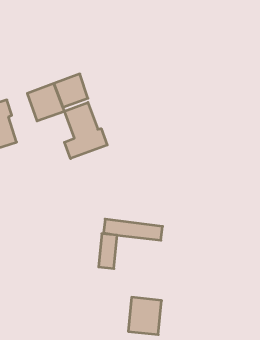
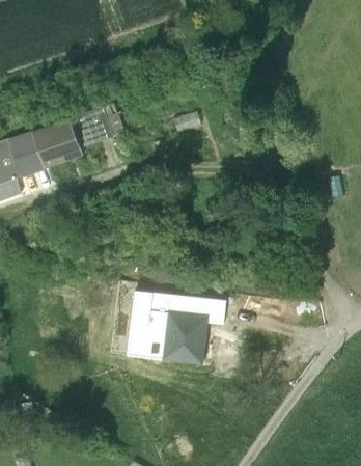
building: none -> [9,131,48,175]
building: [64,102,107,159] -> none
building: [128,297,162,335] -> [164,314,206,362]

